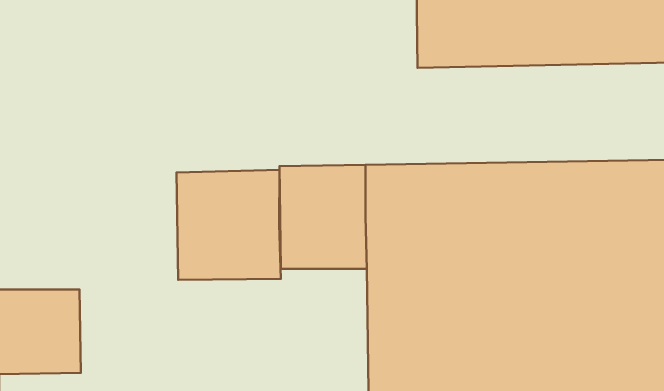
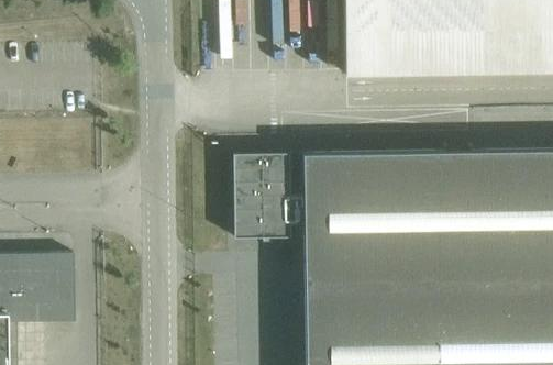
building: [177,170,281,280] -> none

